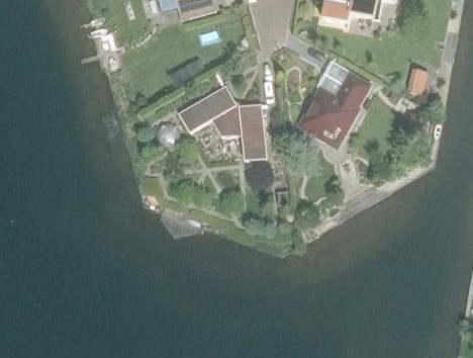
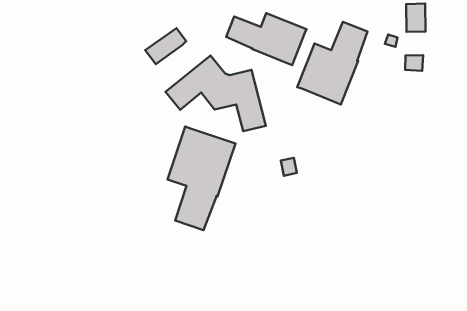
building: none -> [226,13,307,65]
building: none -> [167,127,235,230]

